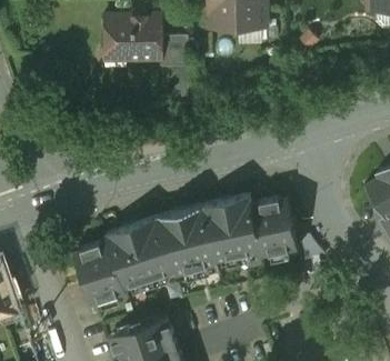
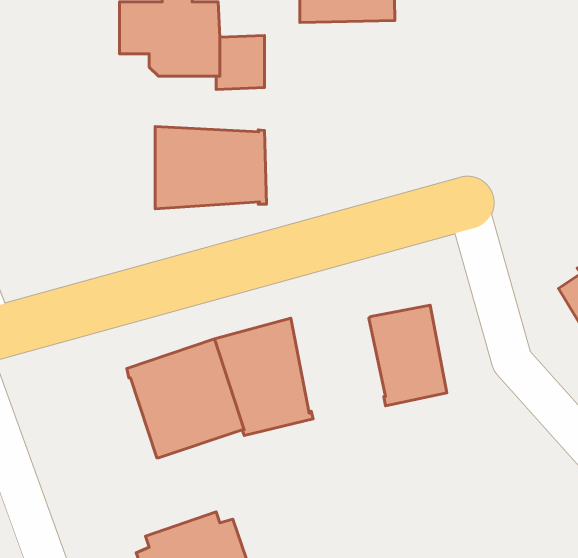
building: none -> [155,127,266,209]
building: [204,195,261,261] -> none
building: [74,240,127,304] -> none

